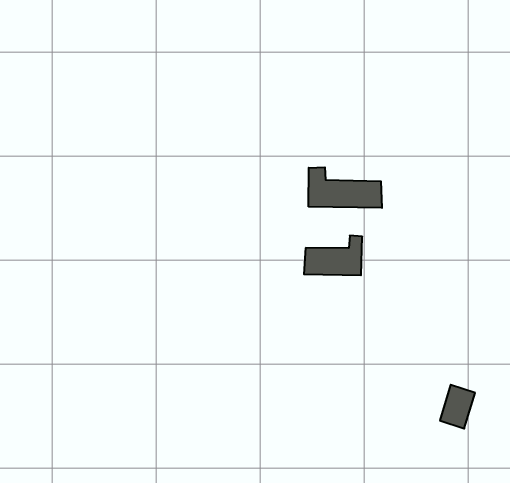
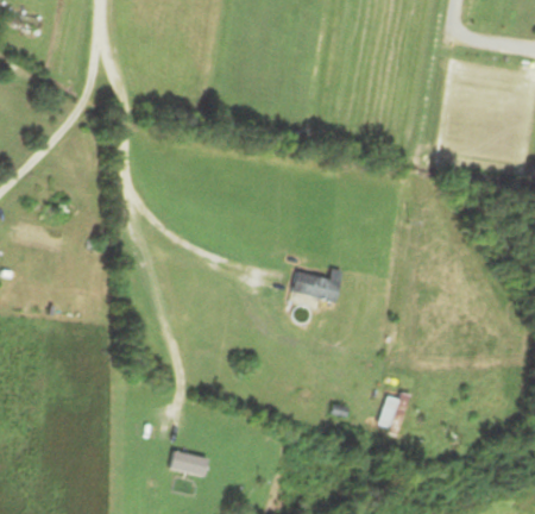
building: [309,167,382,208] -> none

